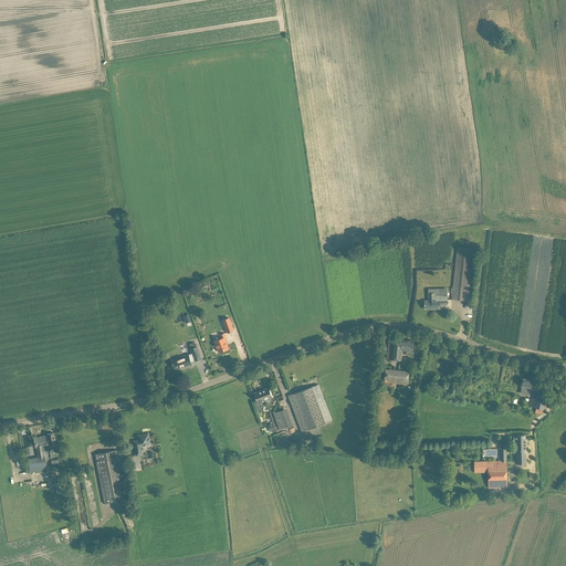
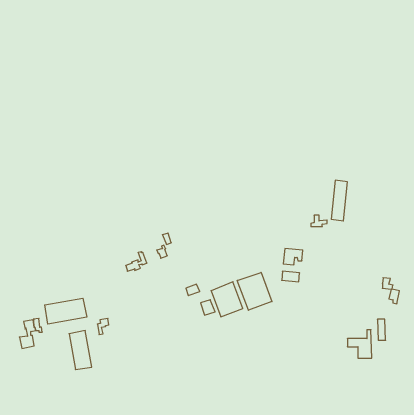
building: none -> [237,272,272,310]
building: none -> [45,298,87,324]

